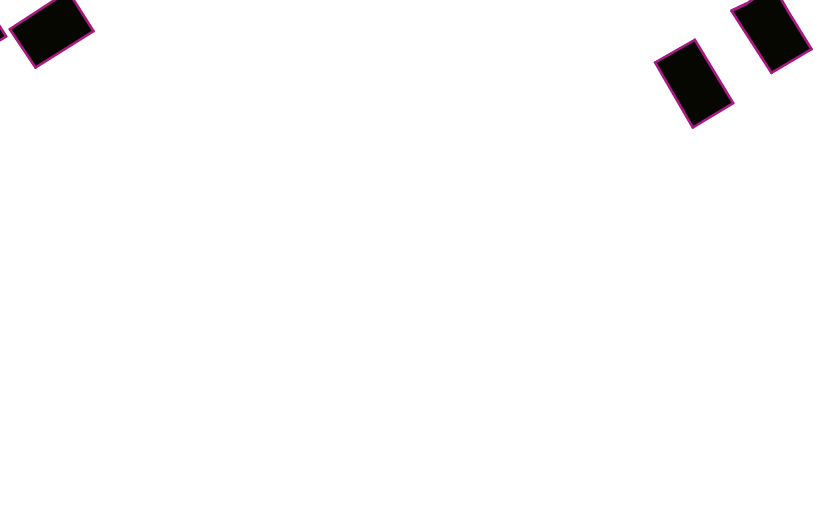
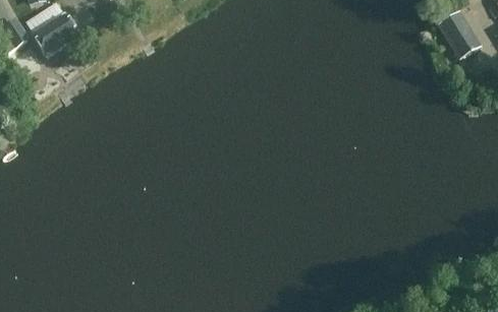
building: [655,40,733,127] -> none

